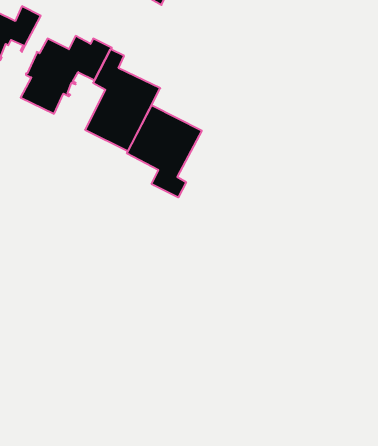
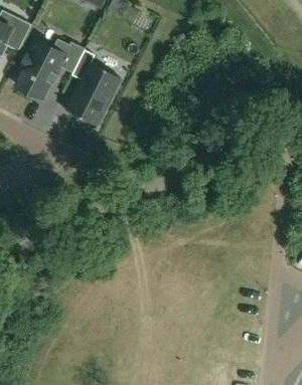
building: [127,105,202,197] -> none

